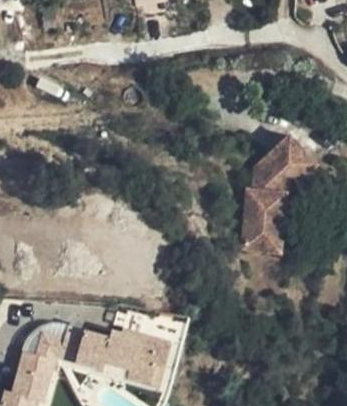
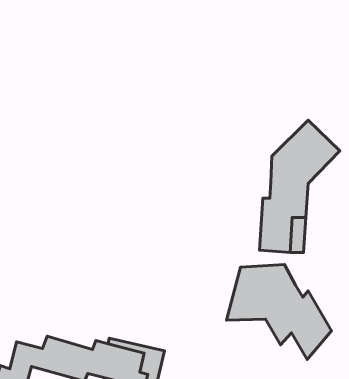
building: none -> [227,265,331,360]

